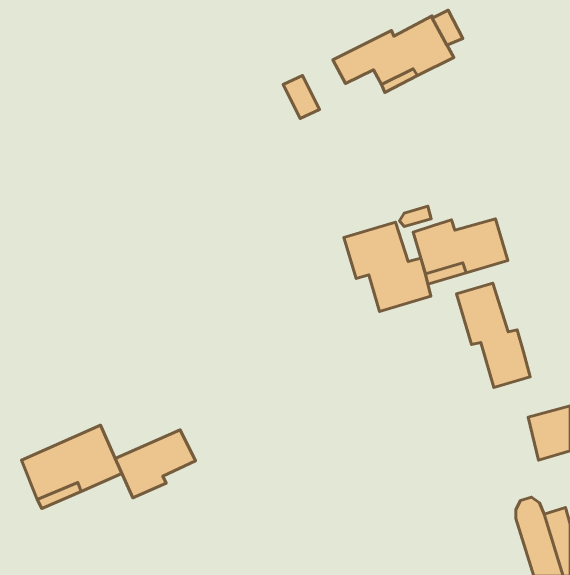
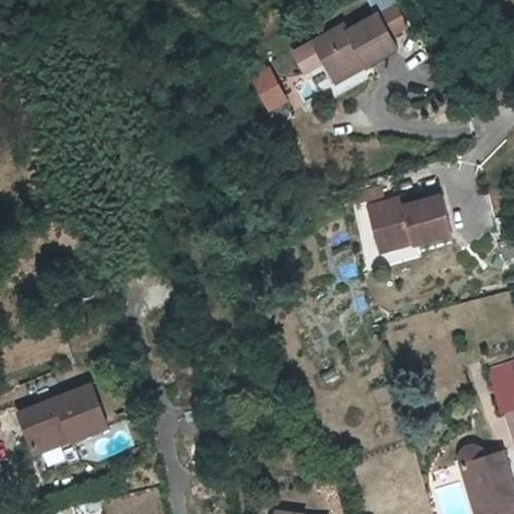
building: [344,222,431,312] -> none
building: [457,283,530,388] -> none
building: [115,430,195,498] -> none

